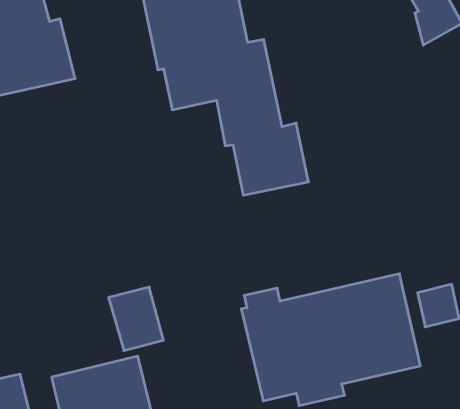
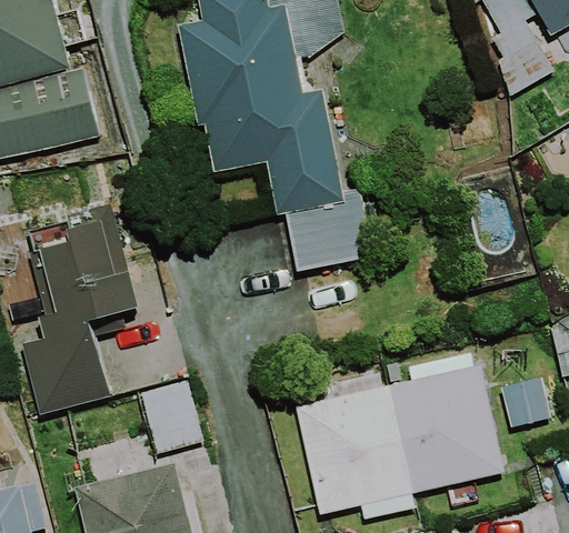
building: none -> [22,203,137,414]

